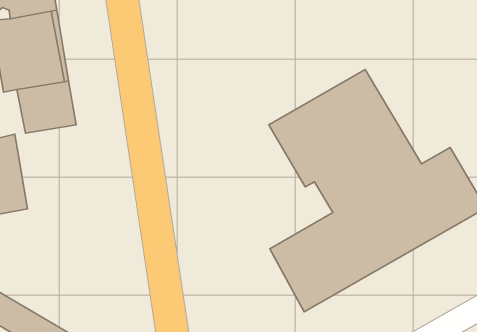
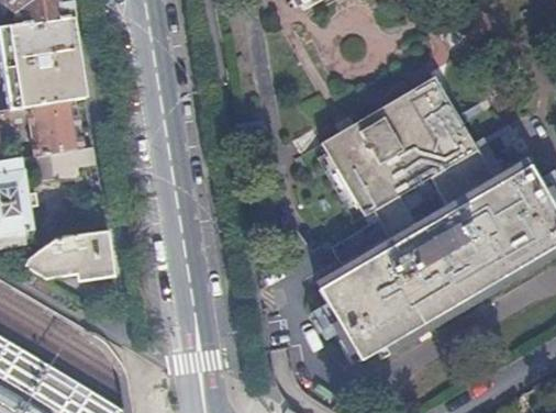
building: none -> [34,146,94,186]
building: none -> [23,231,112,281]

